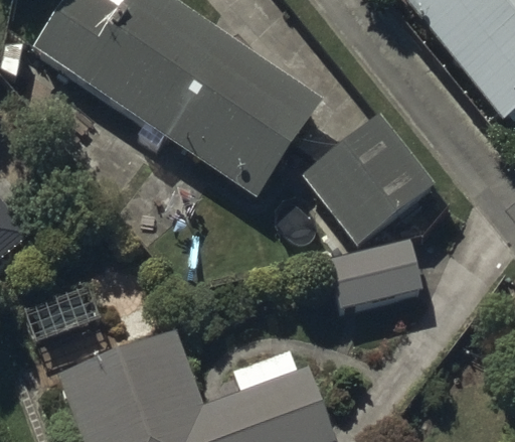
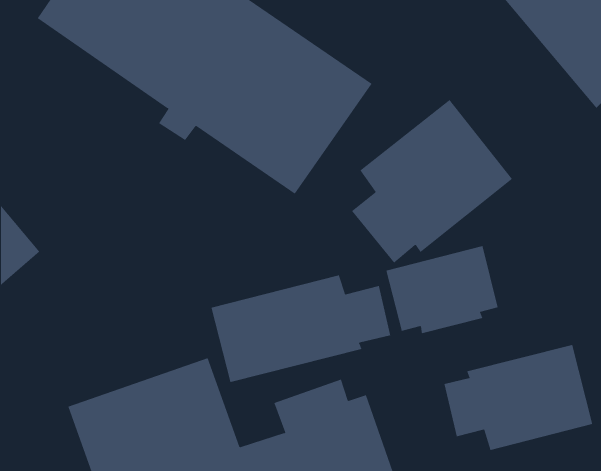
building: none -> [211,274,391,383]
building: none -> [444,344,593,451]

